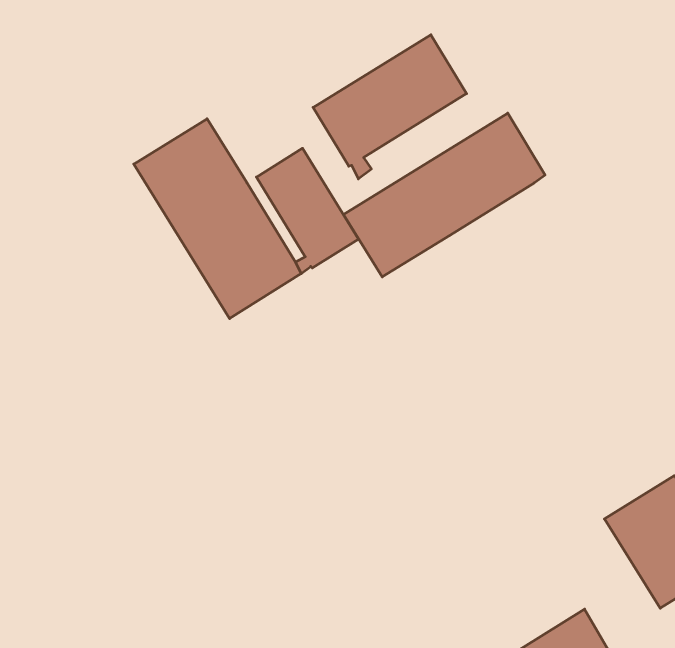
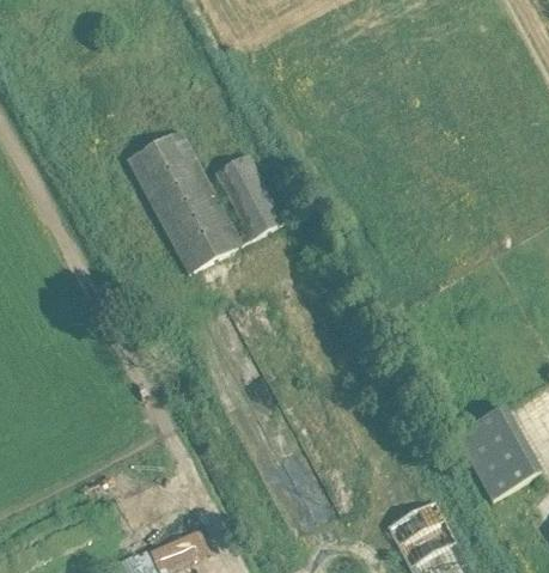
building: [313,35,467,179] -> none
building: [343,113,545,277] -> none

